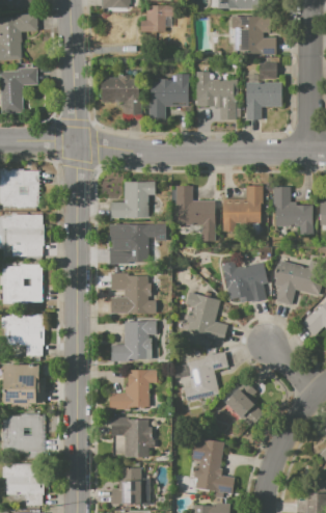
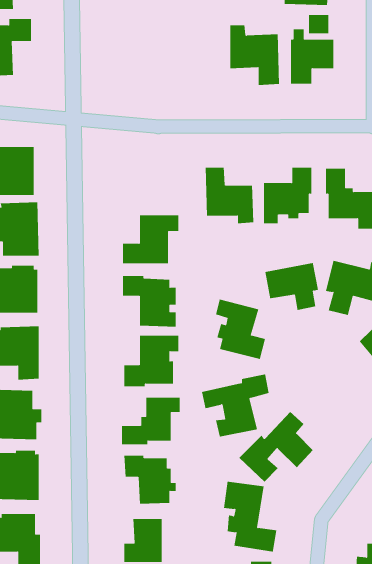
building: [101,74,141,119] -> none
building: [147,75,188,118] -> none
building: [111,182,156,219] -> none

